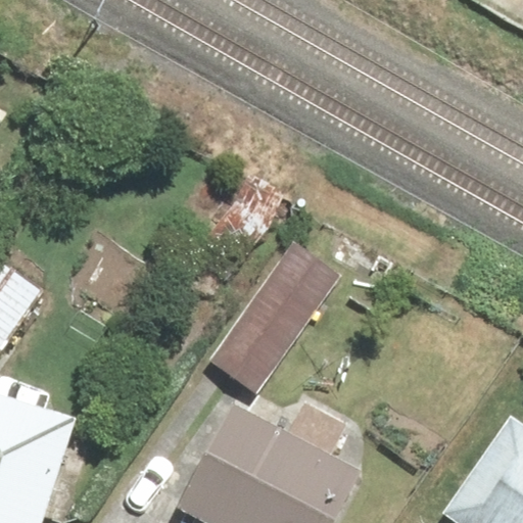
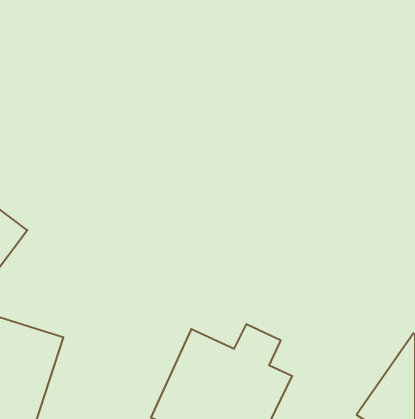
building: [205,236,335,386] -> none

